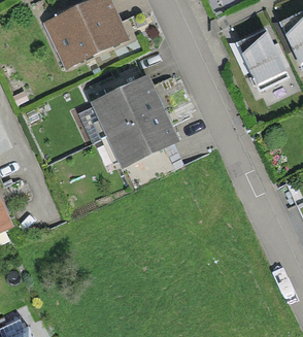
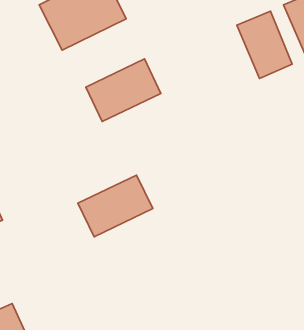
building: [106,107,177,166] -> [78,175,153,237]

